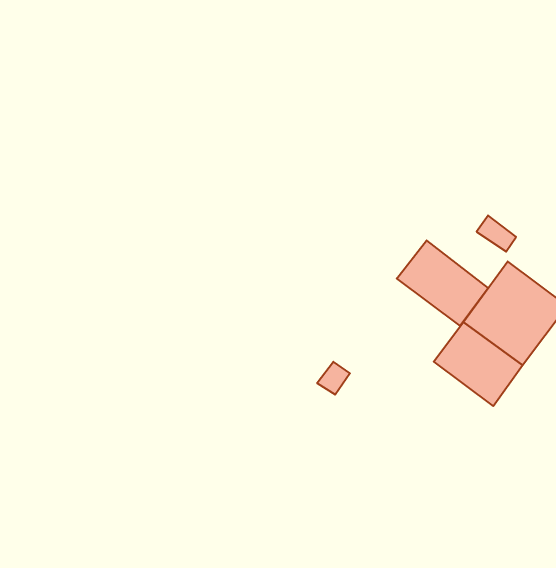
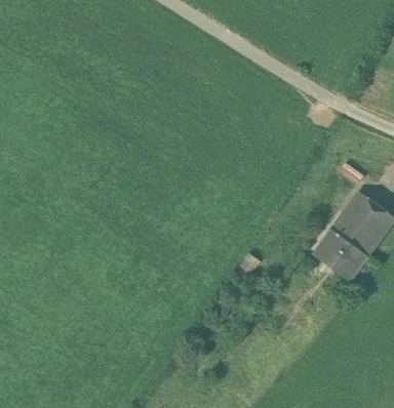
building: [397,240,488,326] -> none

